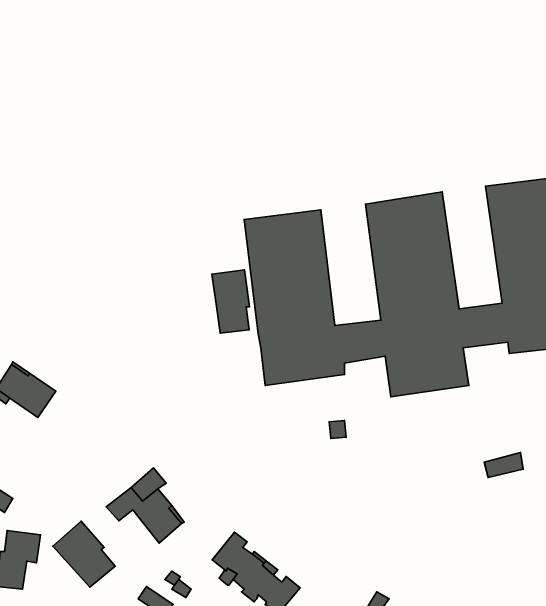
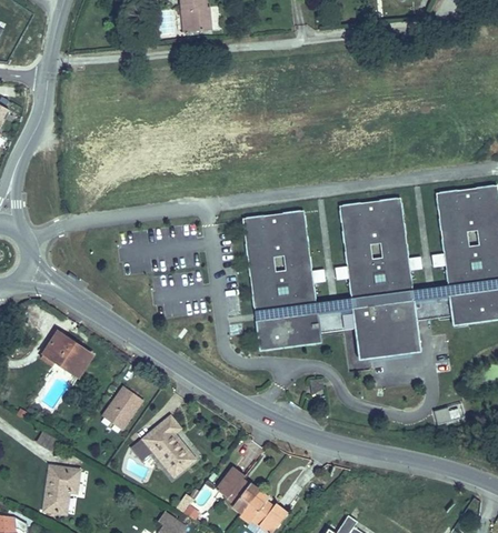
building: [212,270,249,333] -> none
building: none -> [102,386,143,430]
building: [53,521,115,587] -> none

